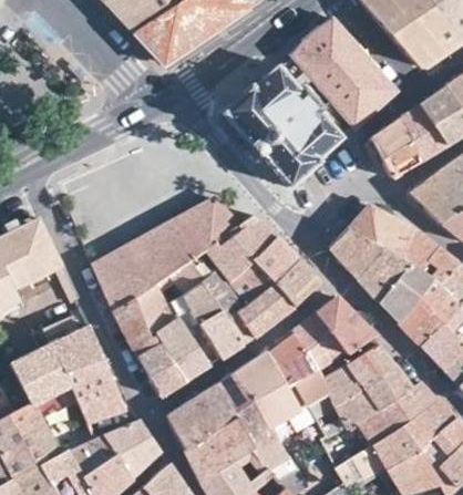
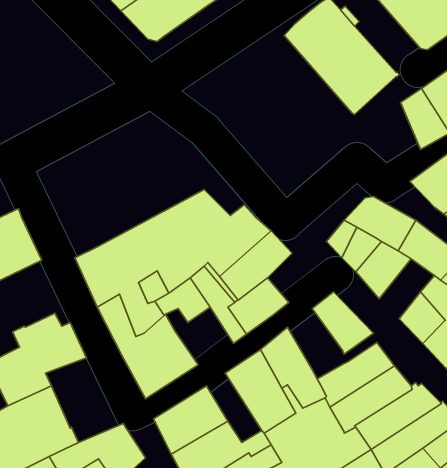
building: [223,65,343,187] -> none
building: [370,117,419,177] -> none
building: [275,259,320,306] -> none
building: [380,265,432,321] -> none
building: [199,310,243,358] -> none
building: [294,311,346,369] -> none
building: [65,358,127,424] -> none
building: [217,372,269,437] -> none

